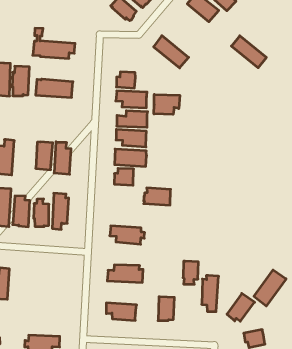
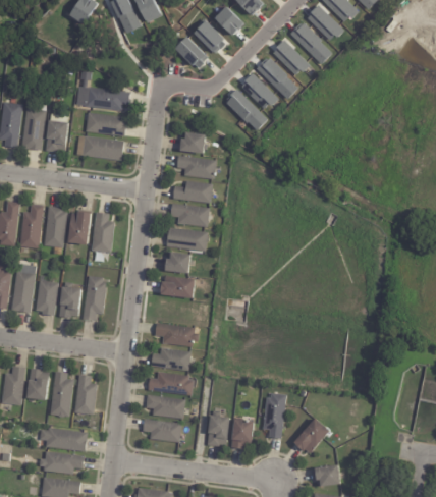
building: none -> [239,71,278,109]
building: [231,36,266,68] -> [256,56,298,98]
building: none -> [83,110,124,134]
building: [154,94,180,114] -> none
building: none -> [43,206,66,247]
building: [144,188,171,205] -> [160,274,195,297]
building: none -> [150,346,189,370]
building: [183,261,198,284] -> [232,419,253,448]
building: none -> [26,367,48,398]
building: [254,270,286,306] -> none
building: none -> [50,371,73,417]
building: none -> [73,373,96,415]
building: none -> [145,394,184,419]
building: none -> [38,427,86,451]

